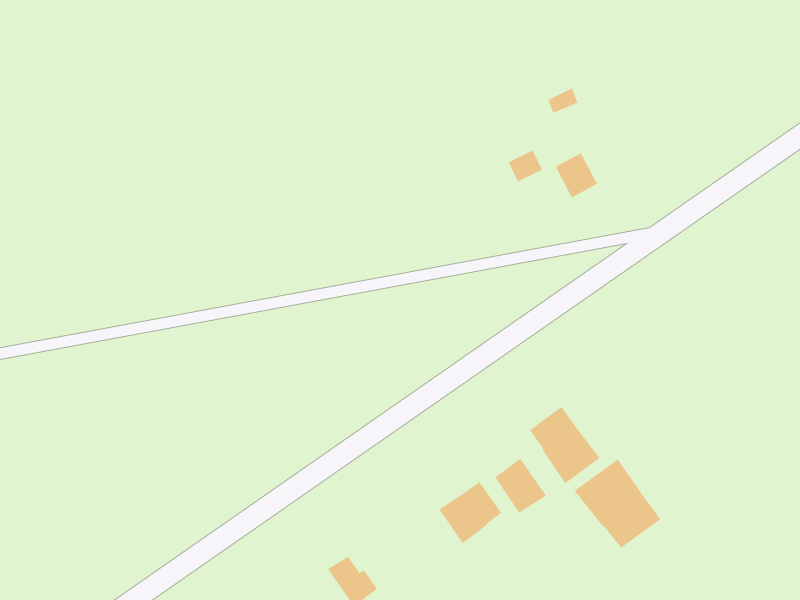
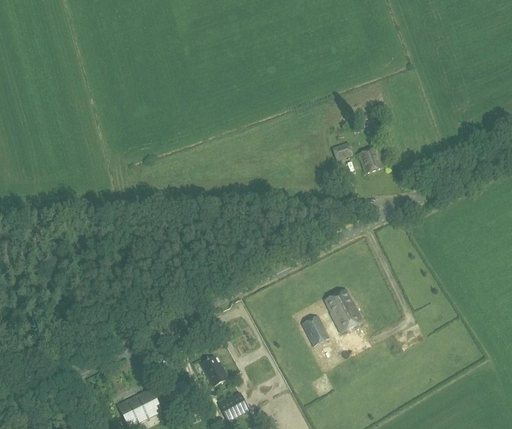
building: [574,458,661,549] -> none
building: [438,481,502,544] -> none

